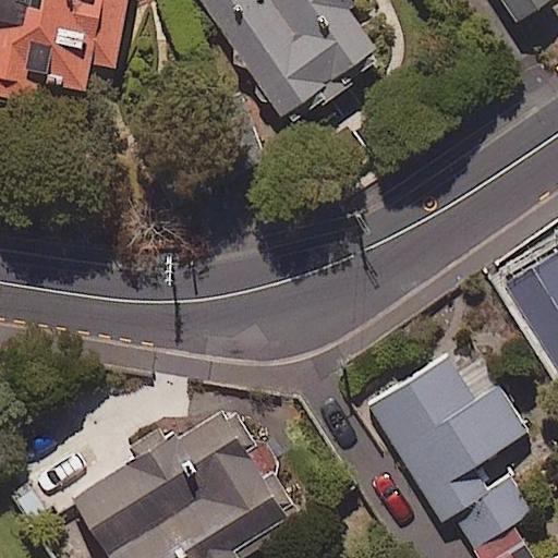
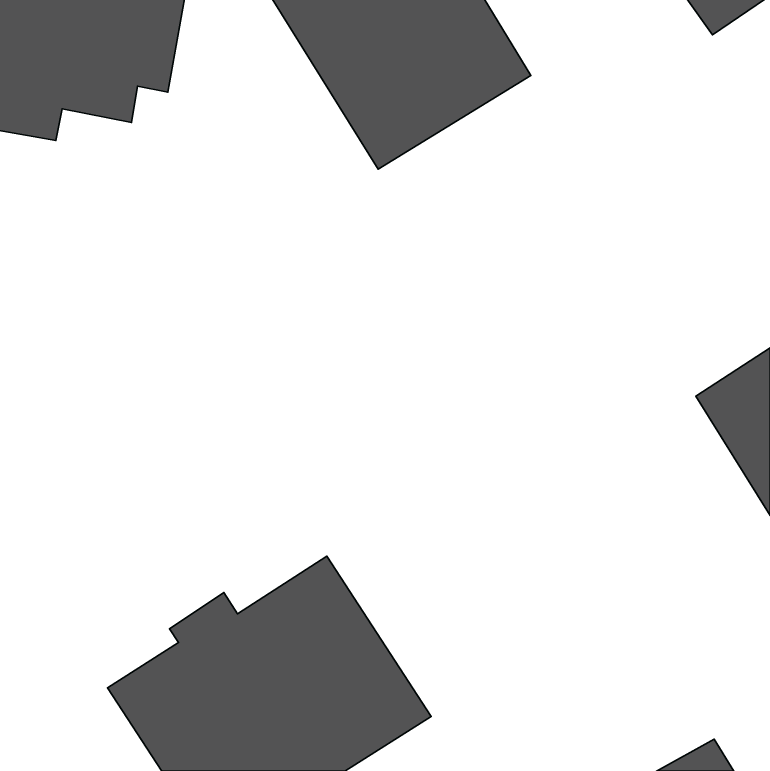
building: [366,342,529,547] -> none

